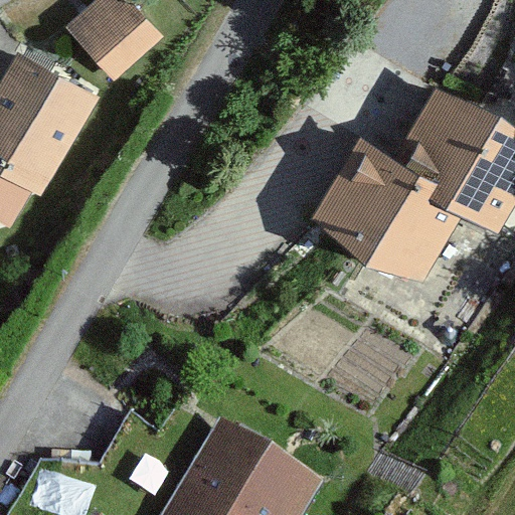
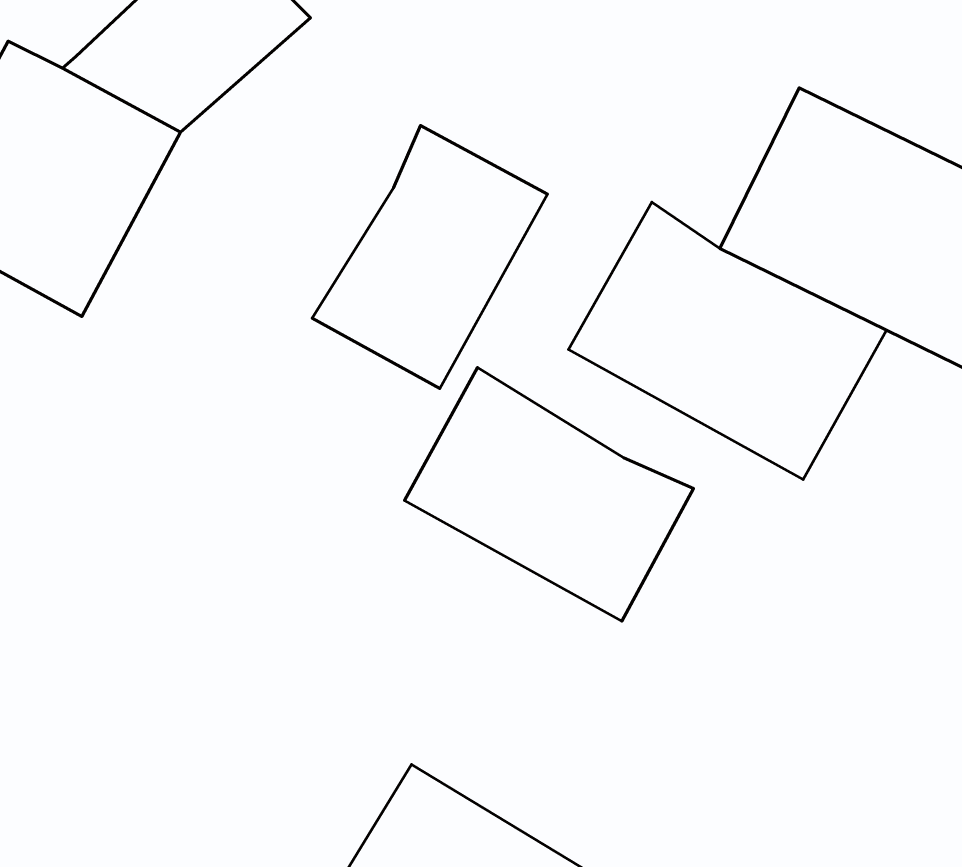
building: none -> [312,125,547,388]
building: none -> [405,367,693,621]

